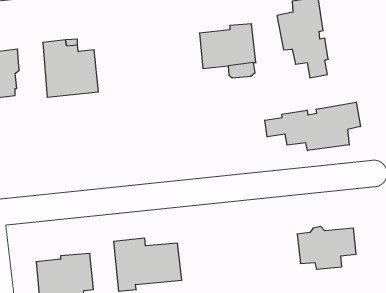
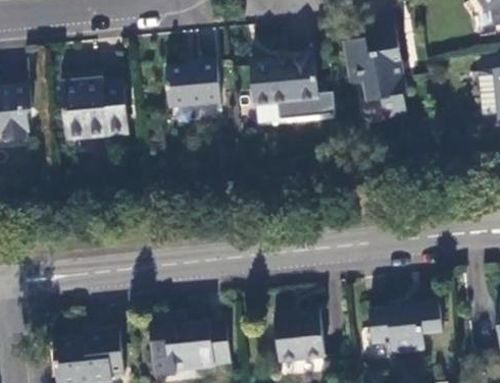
building: none -> [166,63,220,110]
building: [265,102,360,151] -> none
building: none -> [271,313,321,363]

